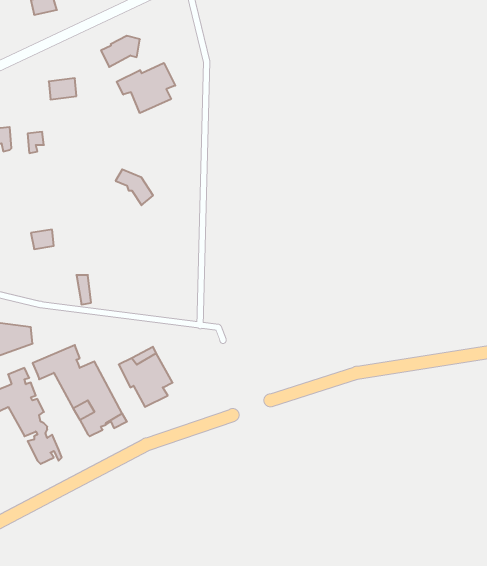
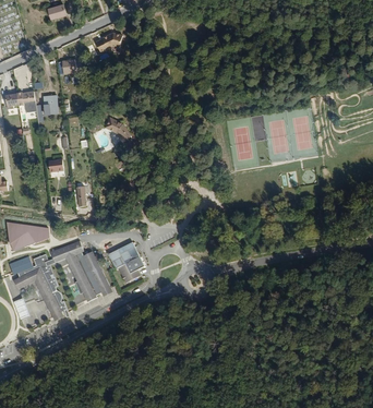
building: [117,63,175,113] -> none

